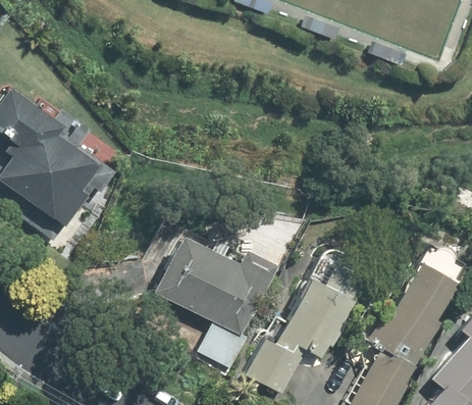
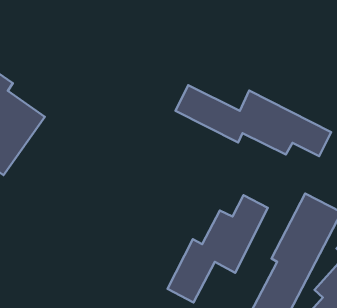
building: none -> [175,85,331,156]
building: [153,239,292,370] -> none

